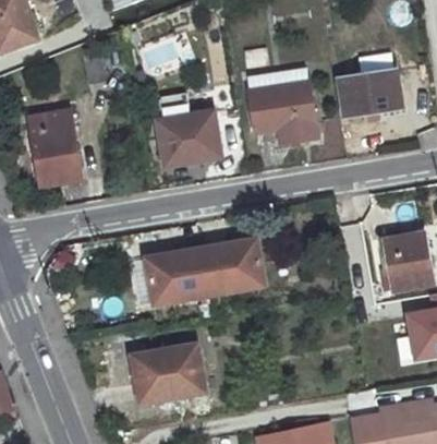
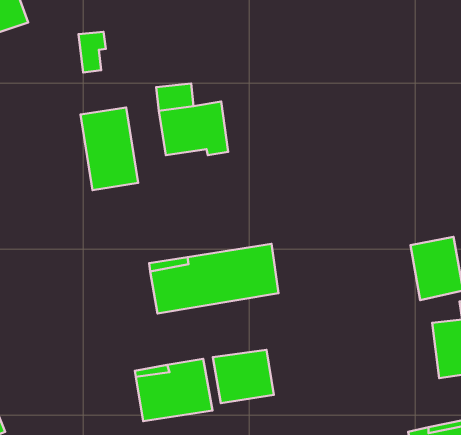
building: [247,67,318,141] -> none
building: [338,68,400,115] -> none
building: [28,110,81,185] -> [80,107,138,190]
building: none -> [213,350,274,403]

